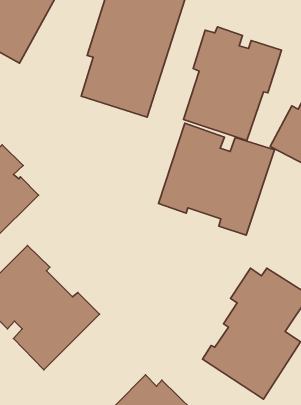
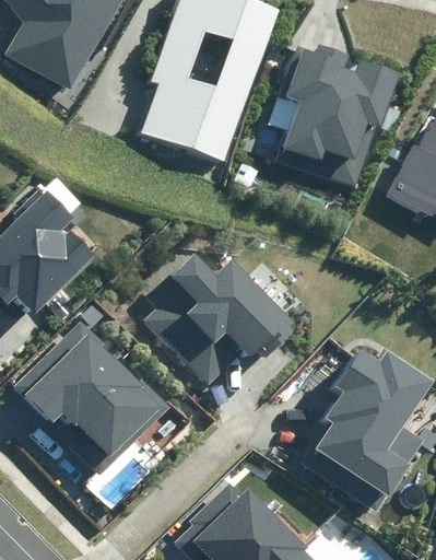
building: [159,123,274,235] -> none
building: none -> [142,254,296,385]

